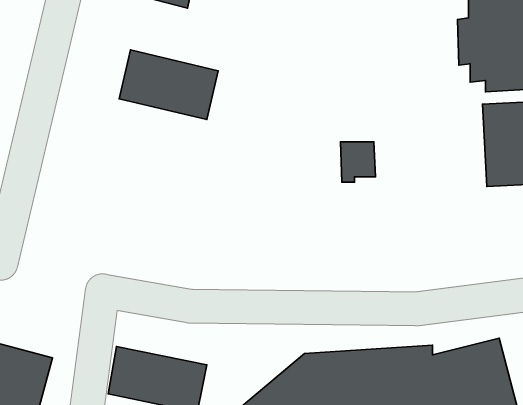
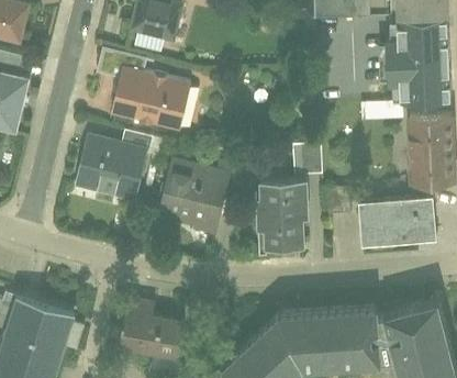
building: none -> [76,132,155,201]
building: none -> [163,168,230,233]
building: none -> [250,182,308,249]
building: none -> [355,197,432,246]

